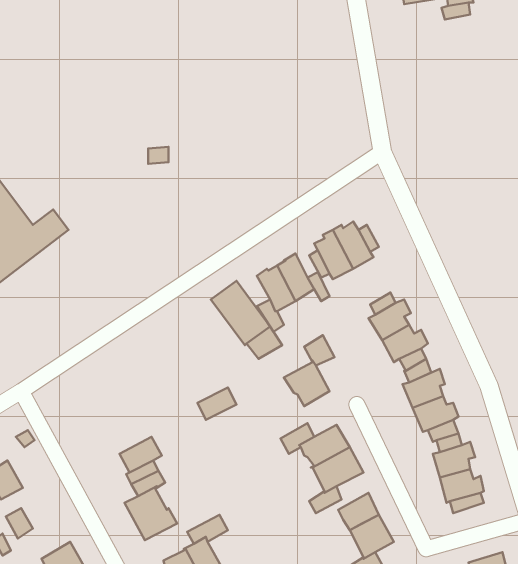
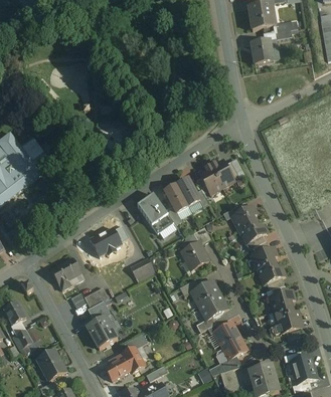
building: none -> [252,39,274,64]
building: none -> [91,228,122,256]
building: none -> [51,257,80,289]

